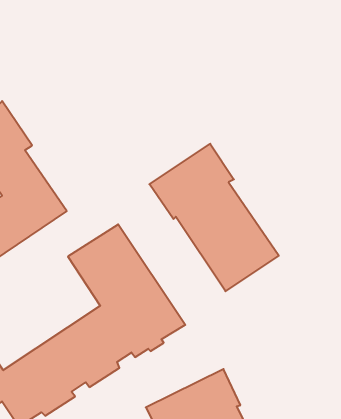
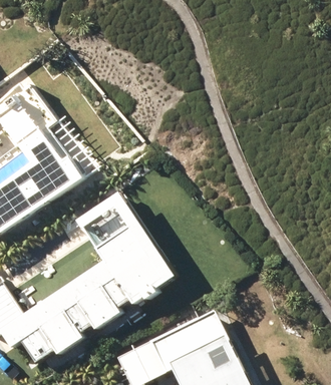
building: [149,144,279,291] -> none

